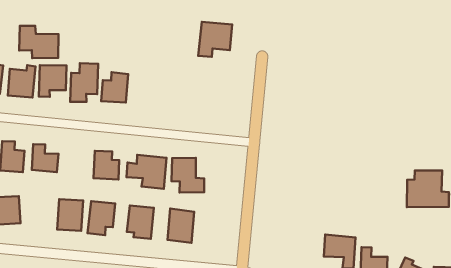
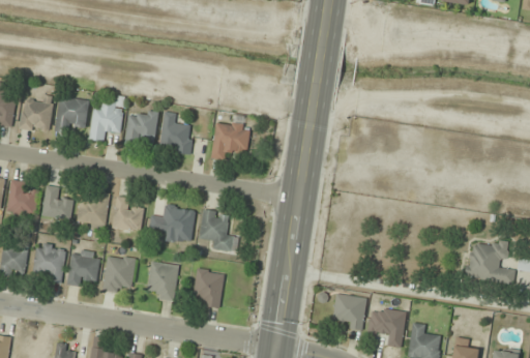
building: [198,22,232,57] -> [210,121,251,161]
building: [19,26,59,58] -> none
building: none -> [159,112,194,153]
building: none -> [76,193,109,230]
building: none -> [31,244,67,284]
building: none -> [331,295,366,329]

